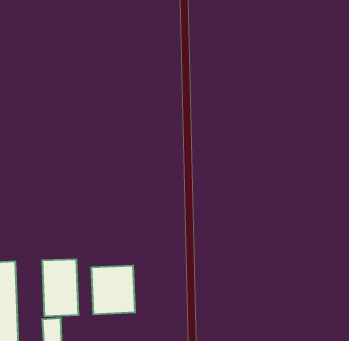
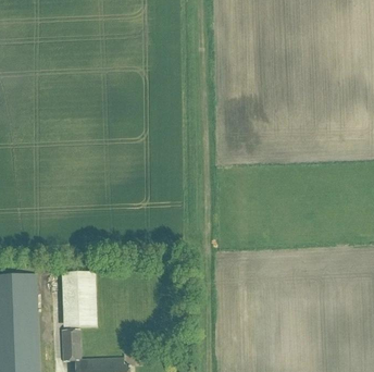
building: [92,265,135,314] -> none

